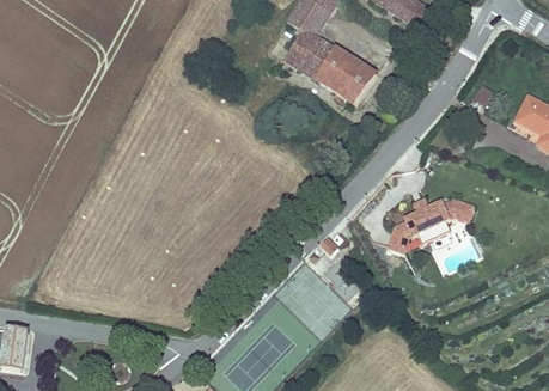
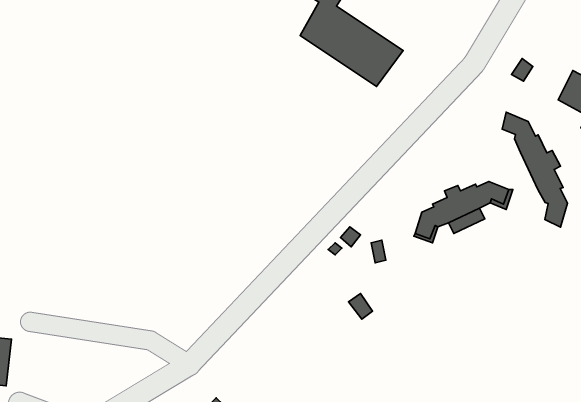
building: none -> [502,112,568,227]

